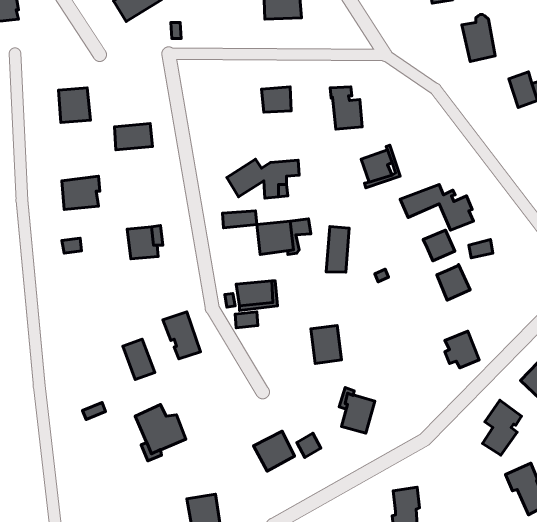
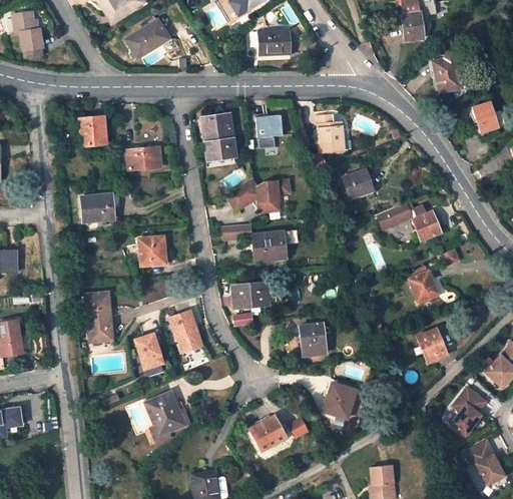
building: none -> [202,116,234,159]
building: [326,226,349,272] -> none
building: [423,230,455,261] -> none
building: none -> [85,293,111,342]

